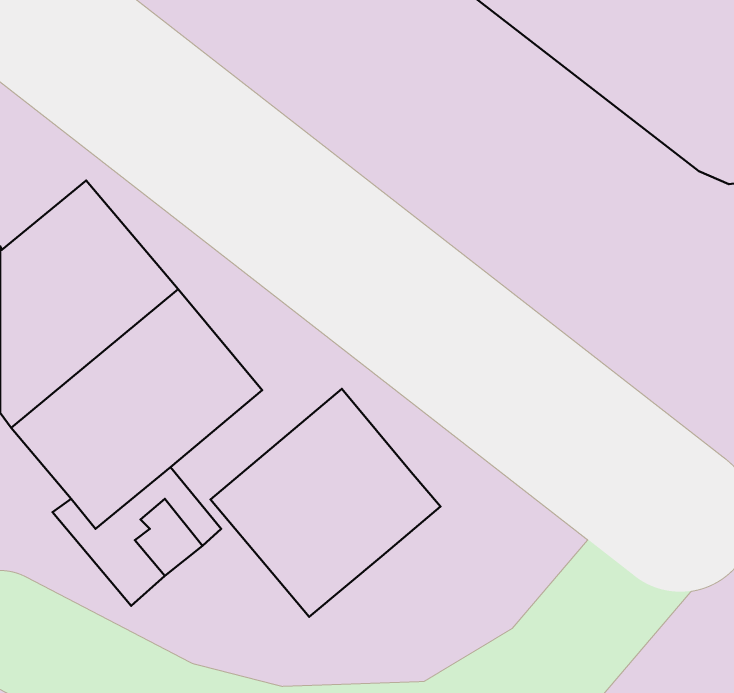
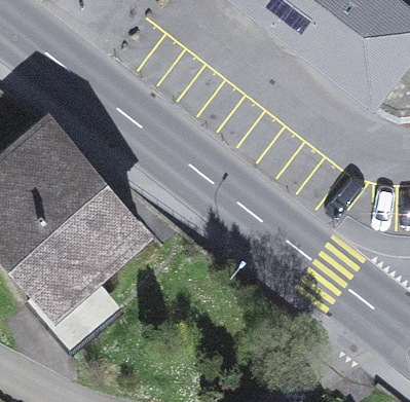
building: [210,389,440,617] -> none

